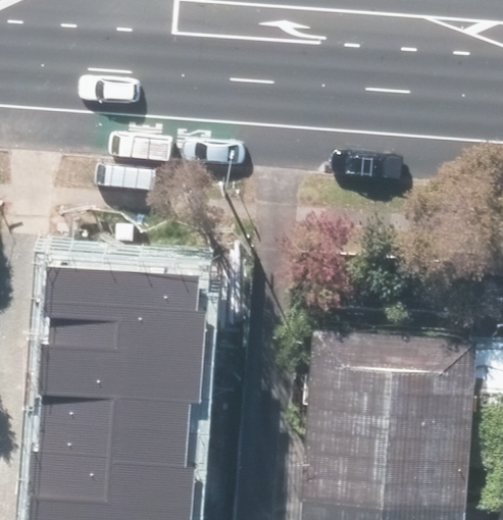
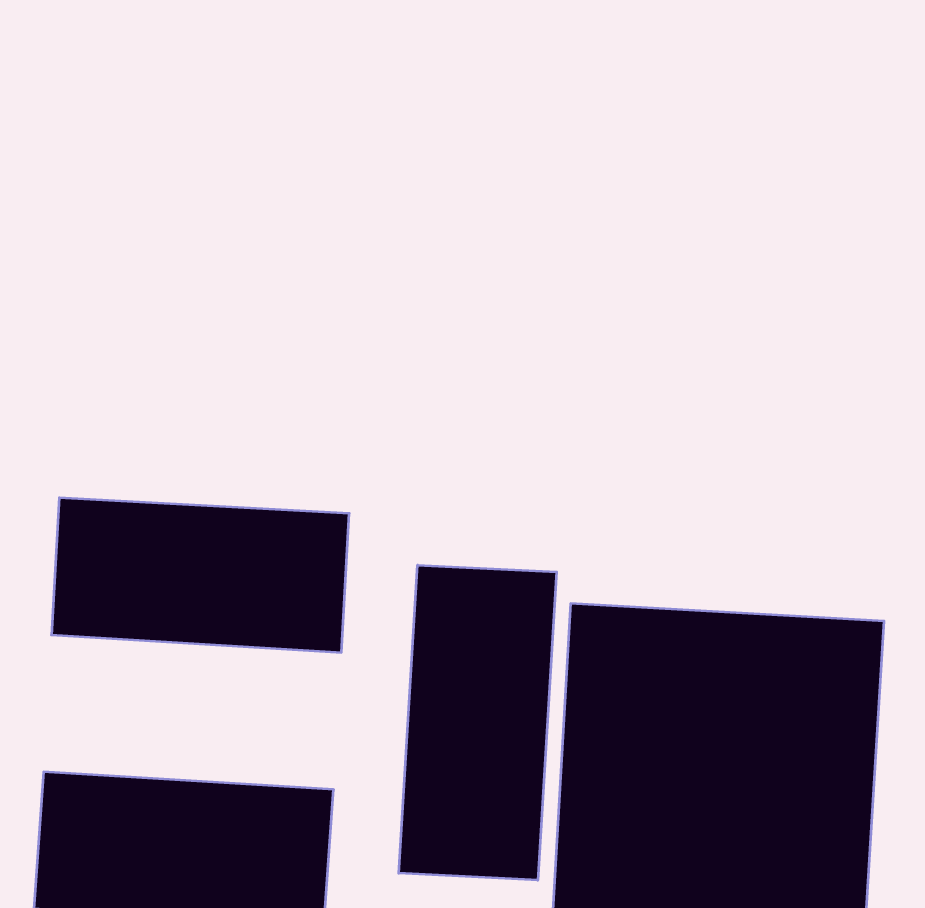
building: none -> [399,565,557,880]
building: [42,345,197,425] -> none

